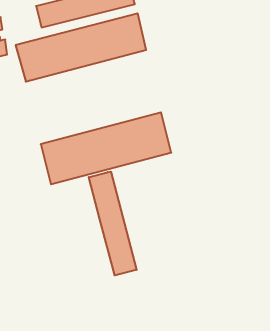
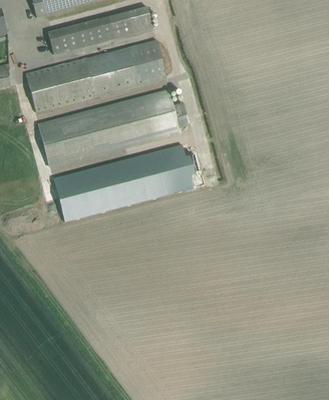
building: none -> [37,89,180,167]
building: [89,172,137,275] -> none

